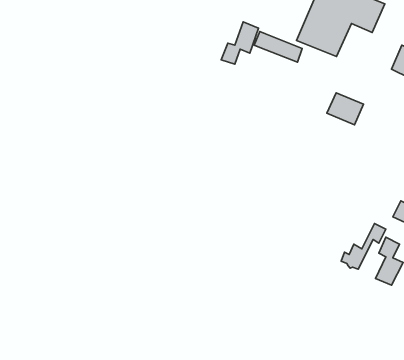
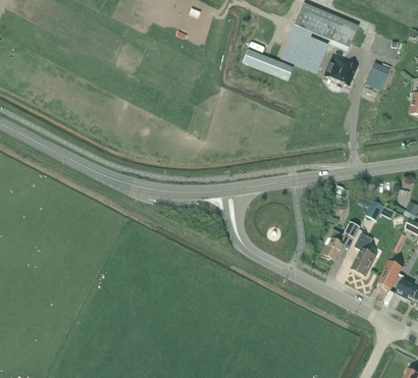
building: [221,22,258,64] -> none
building: [327,93,364,125] -> [324,56,357,85]

